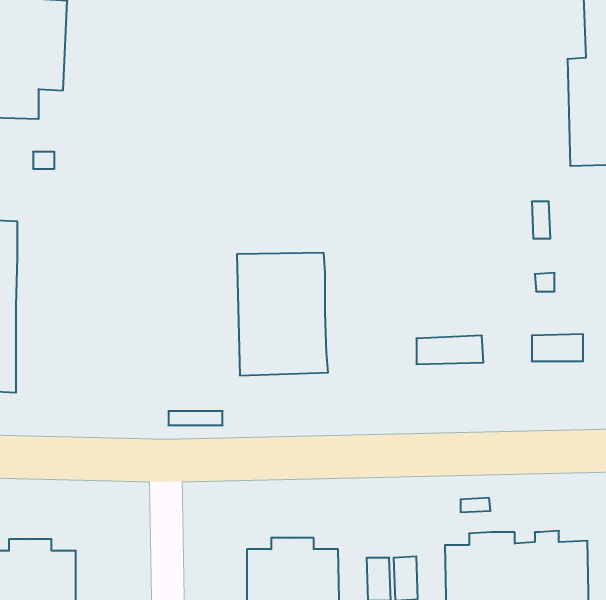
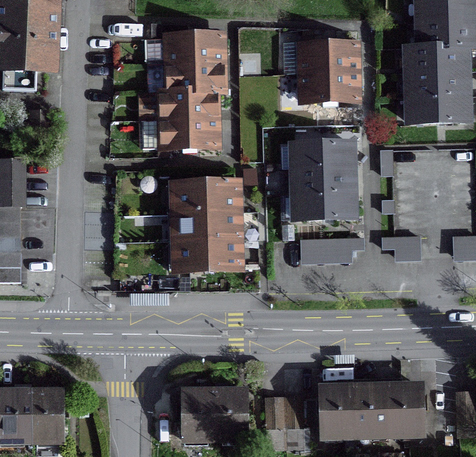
building: none -> [154,34,222,152]
building: none -> [295,44,356,106]
building: none -> [281,142,352,219]

